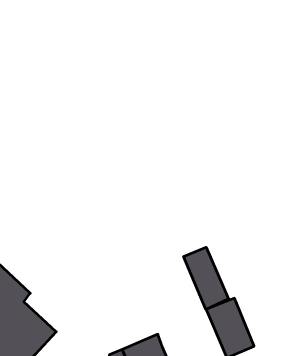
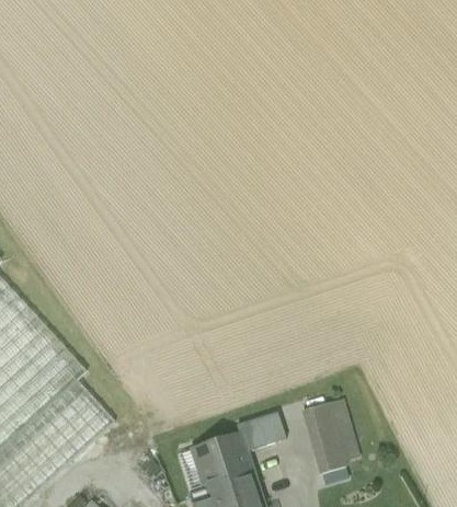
building: [184,247,228,309] -> none
building: none -> [237,413,281,451]

